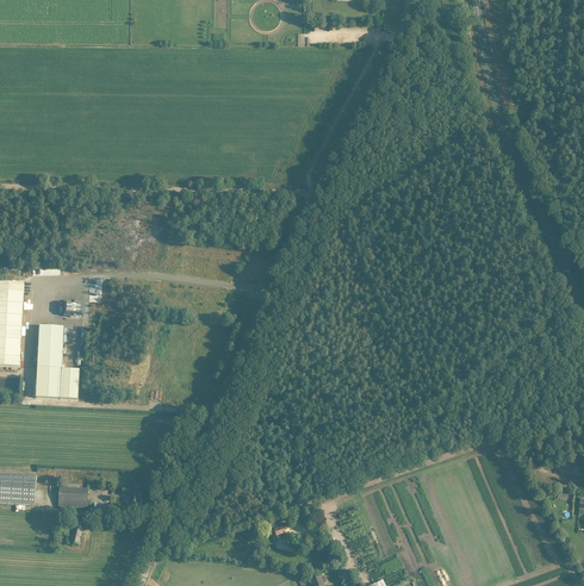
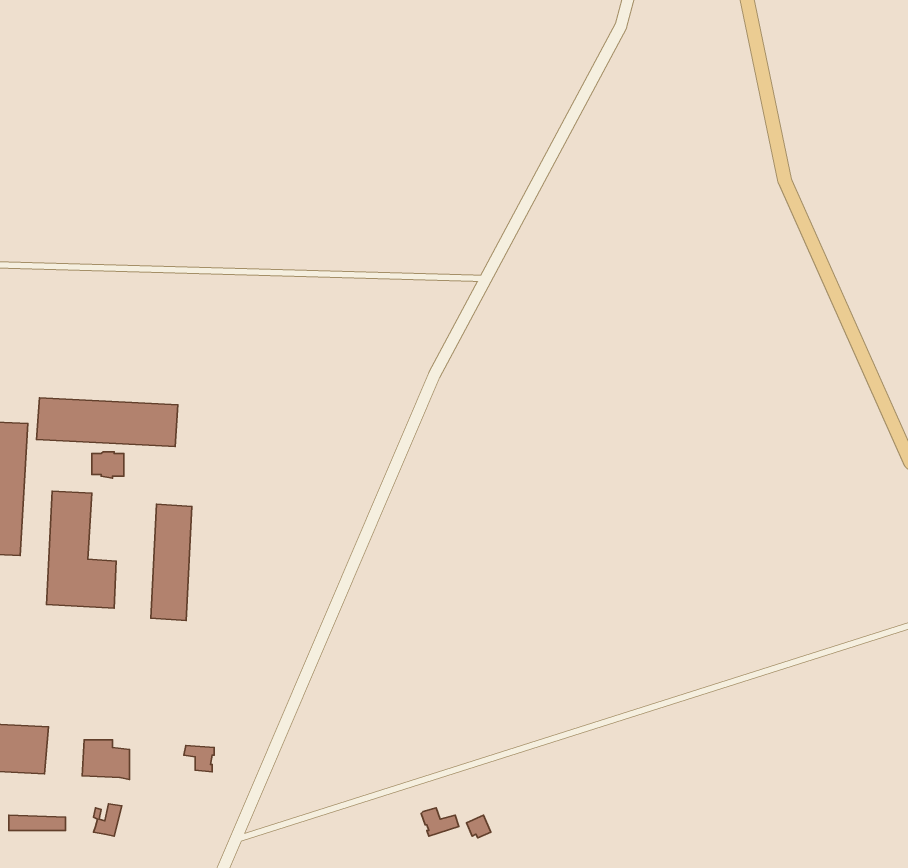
building: none -> [36,398,178,447]
building: none -> [151,504,192,621]

